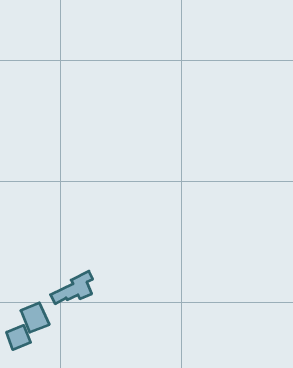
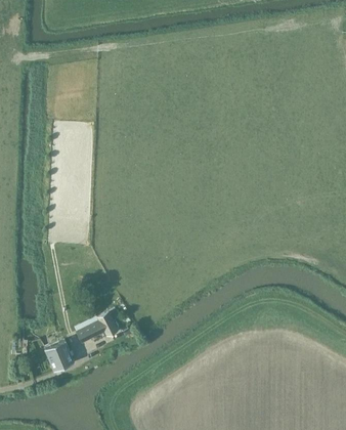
building: [7,325,31,350] -> none

